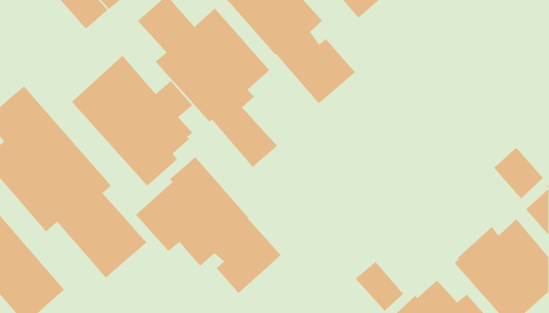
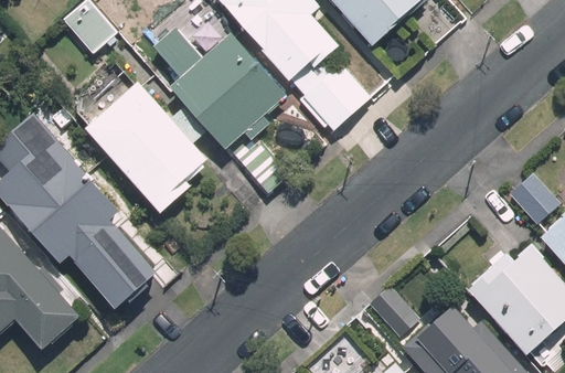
building: [135,156,282,294] -> none

